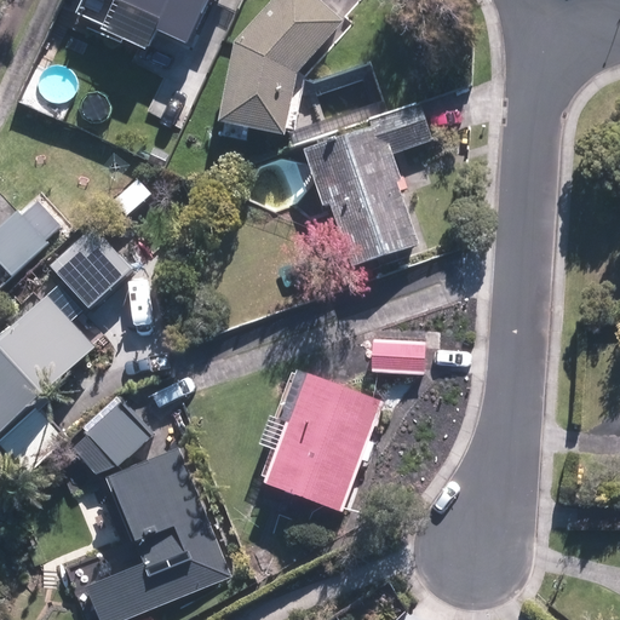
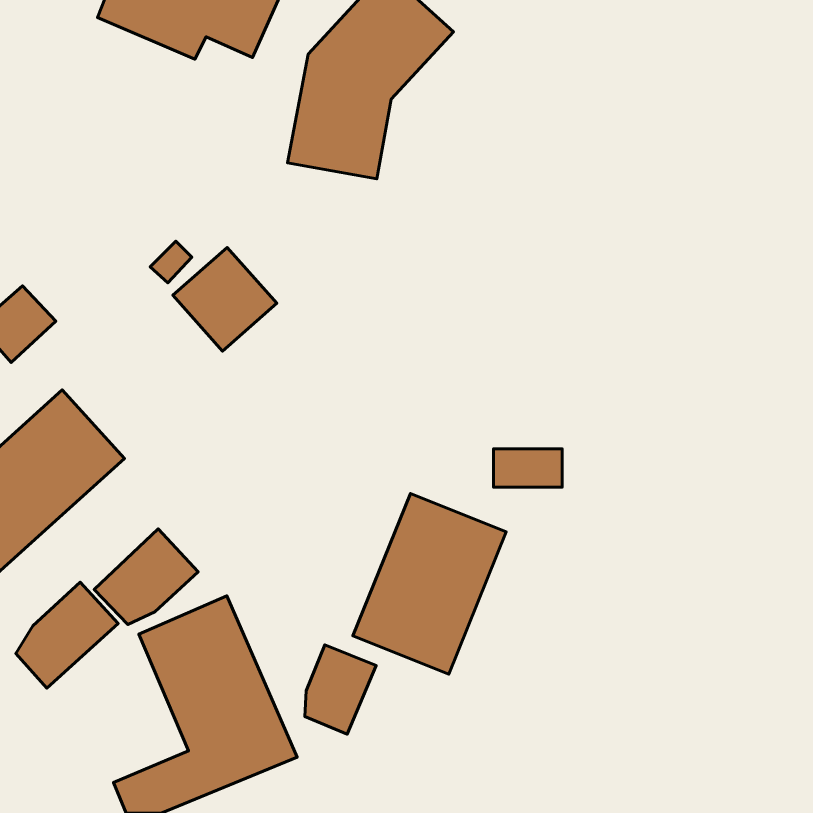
building: [304,102,438,266] -> none
building: [44,231,122,310] -> [173,247,277,351]
building: none -> [16,582,118,688]
building: none -> [305,645,376,734]

